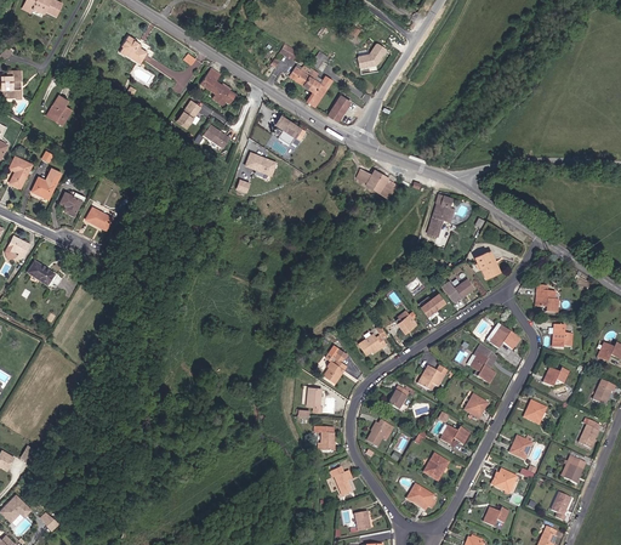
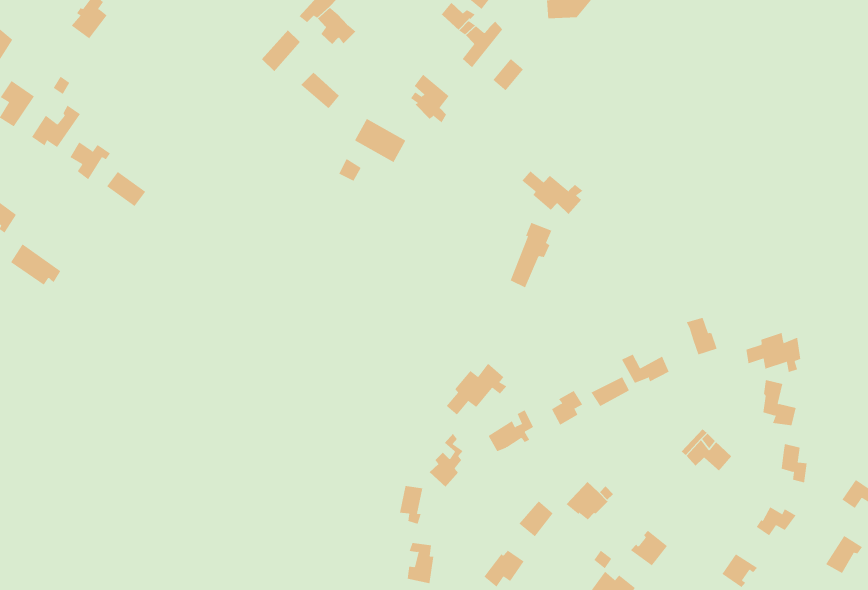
building: [428,193,451,237] -> [510,222,552,288]
building: none -> [746,332,801,373]
building: none -> [446,363,507,415]
building: [468,344,495,384] -> none

